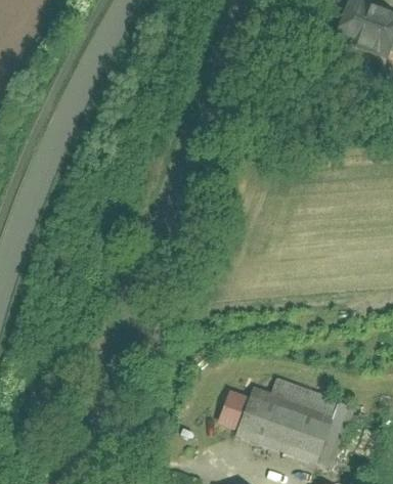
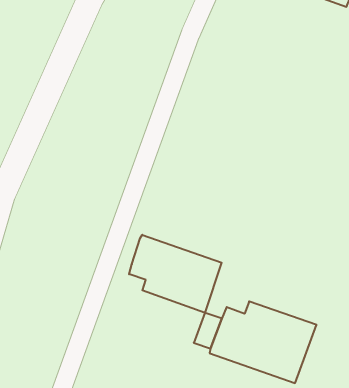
building: none -> [129,235,222,313]

